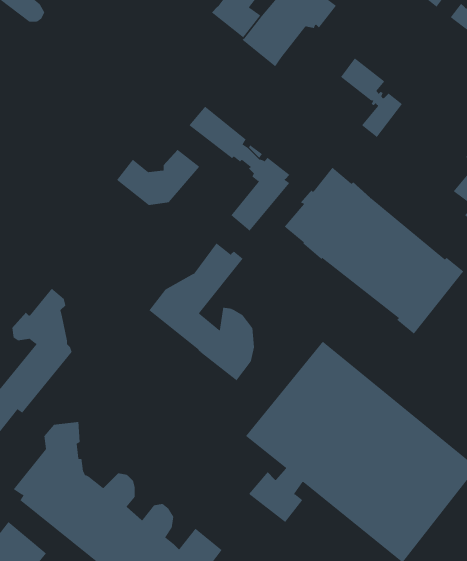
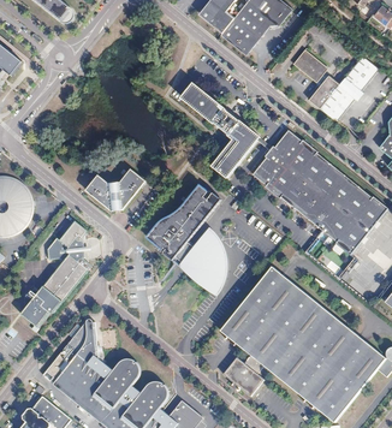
building: none -> [315,57,374,120]
building: [116,149,200,206] -> [84,167,147,209]

